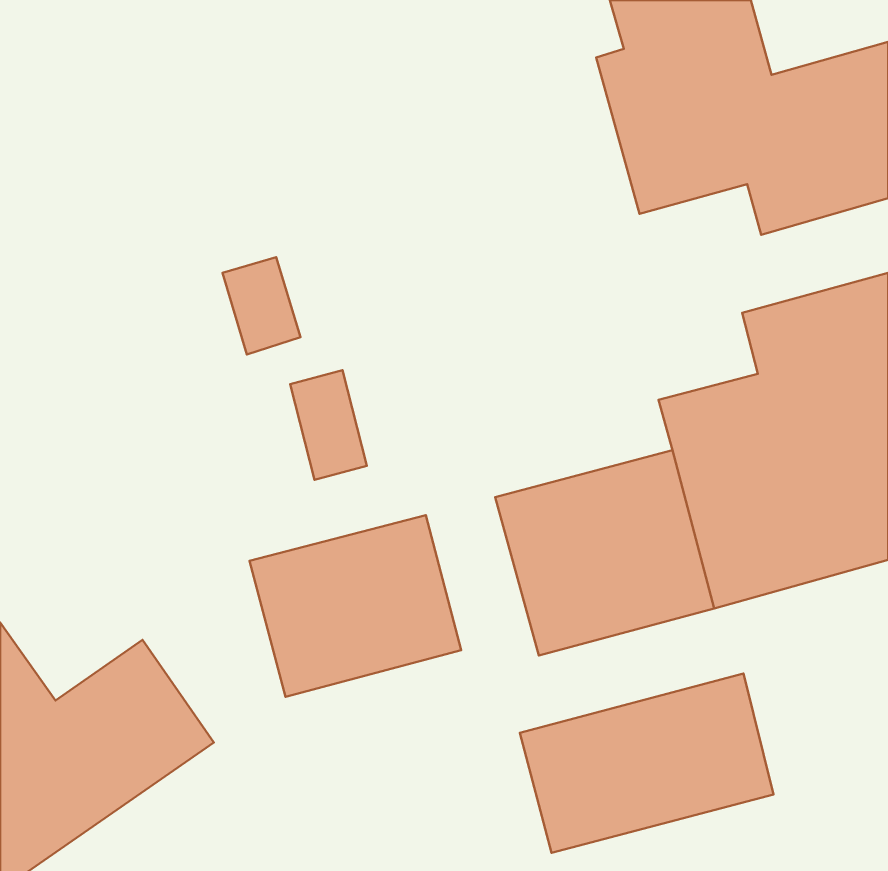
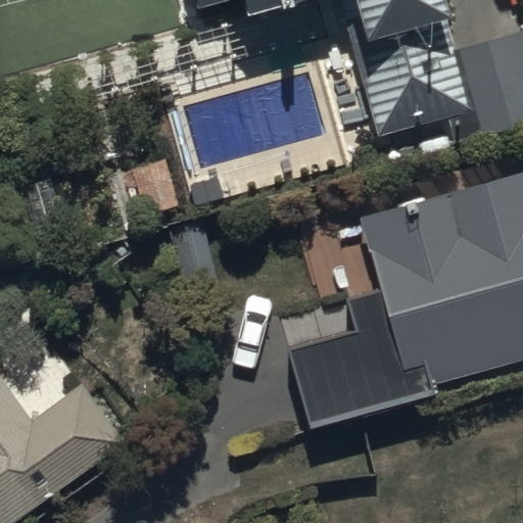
building: [249,515,461,697] -> none
building: [520,674,773,853] -> none

